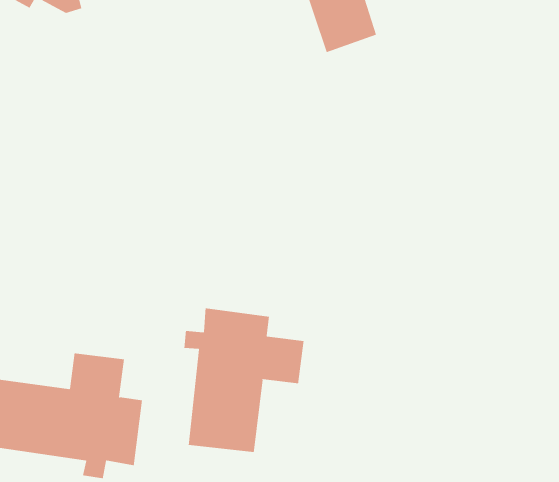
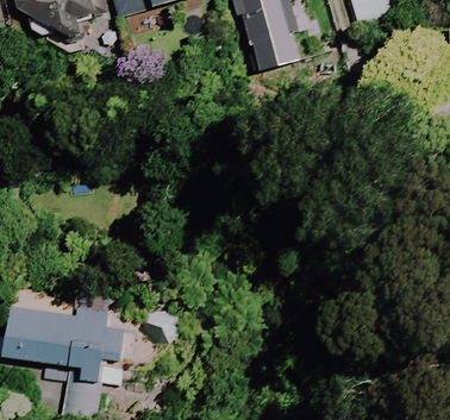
building: [184,308,304,453] -> none

